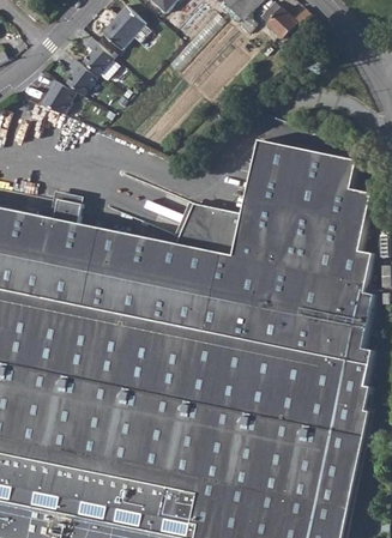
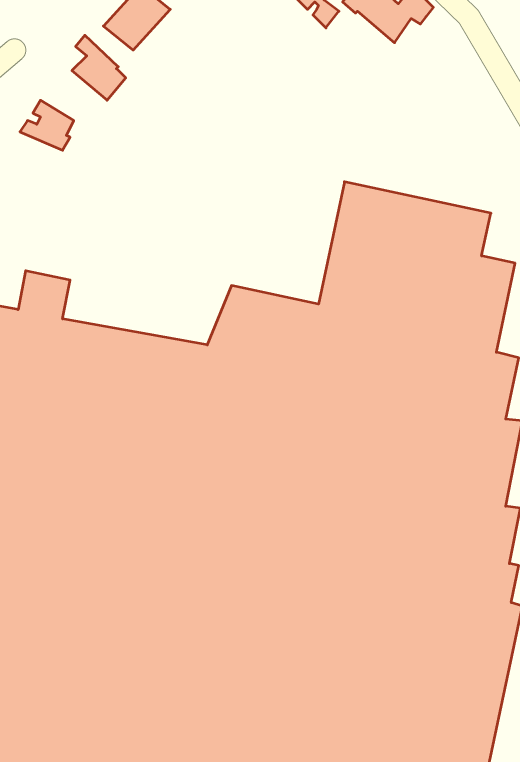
building: [66,59,96,93] -> none

